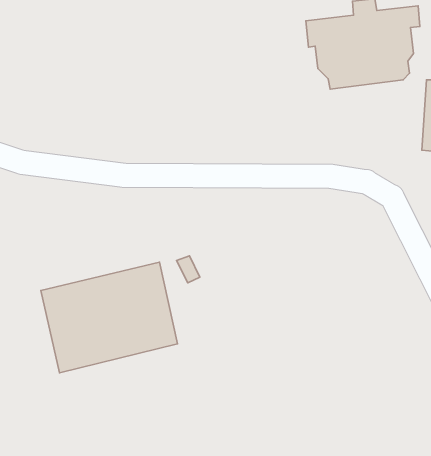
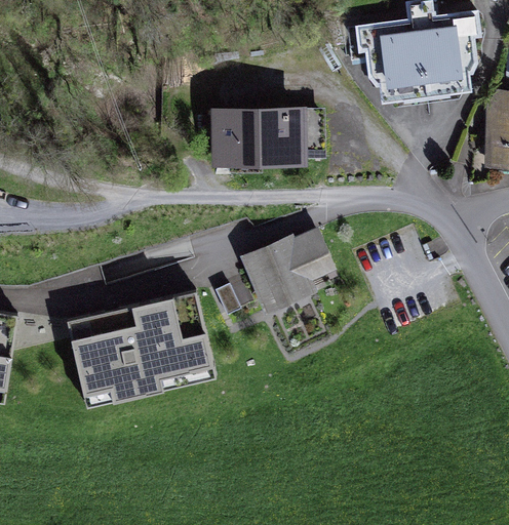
building: none -> [211,108,325,166]
building: none -> [239,227,336,316]

